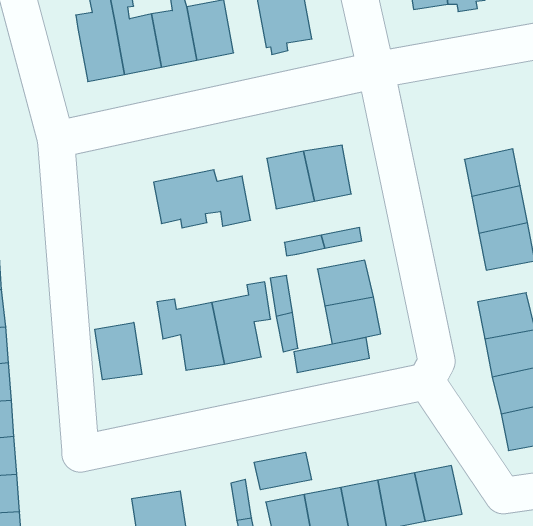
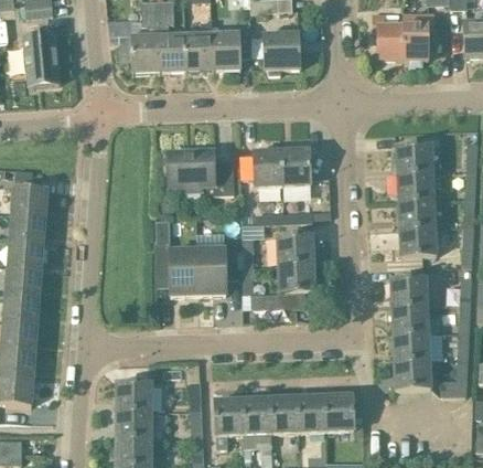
building: none -> [395,143,432,173]
building: [95,322,142,380] -> none
building: [254,452,312,490] -> none

